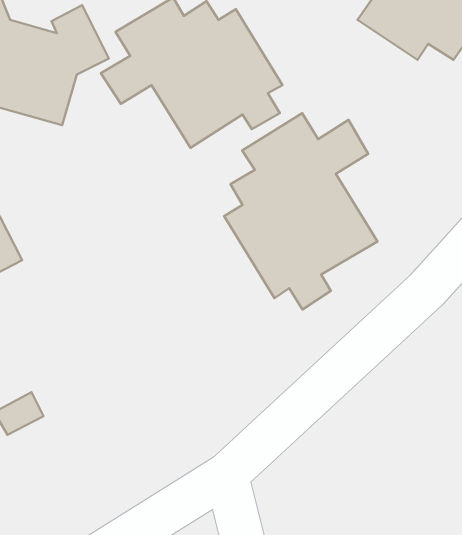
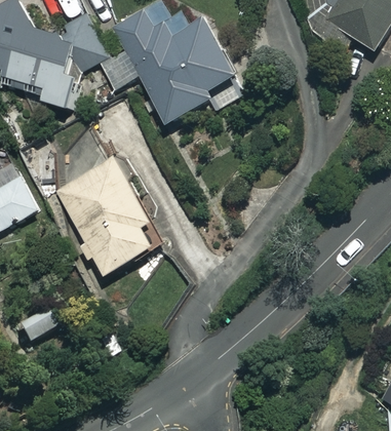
building: [224,113,377,309] -> none
building: none -> [56,157,161,273]

